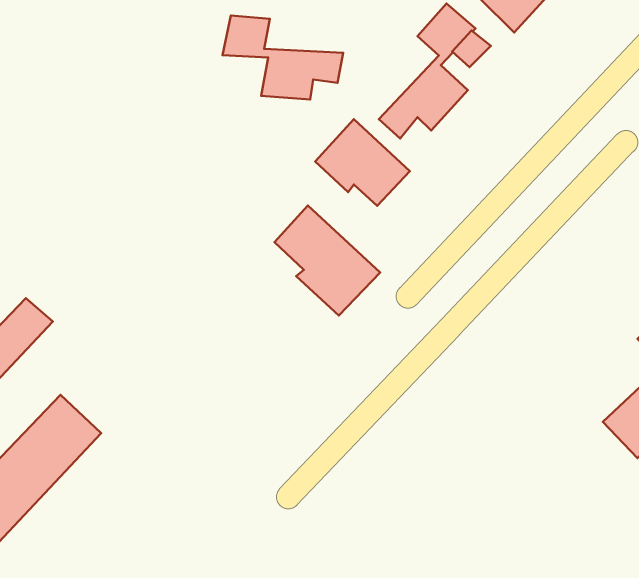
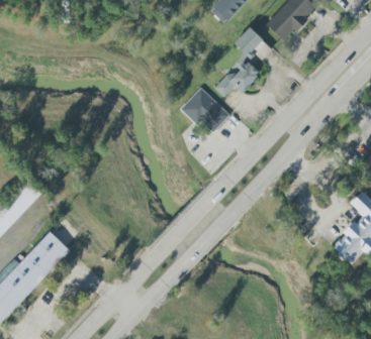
building: [222,15,343,99] -> none
building: [274,206,380,316] -> none

